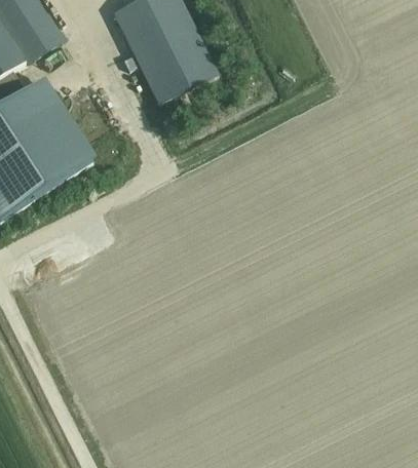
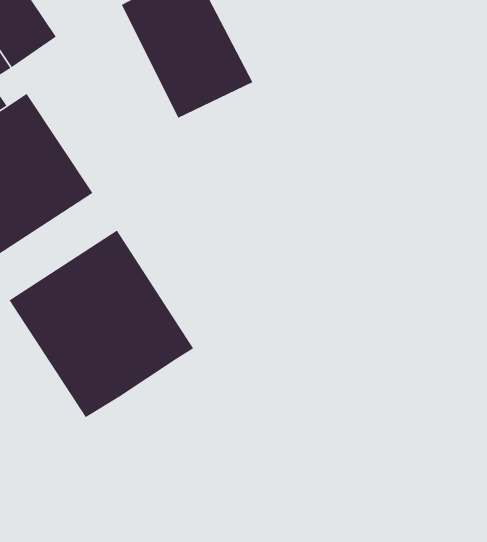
building: none -> [9,229,194,418]

